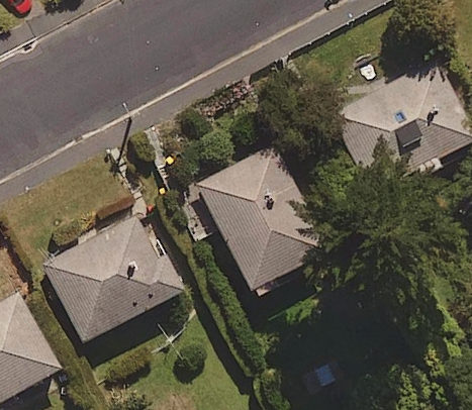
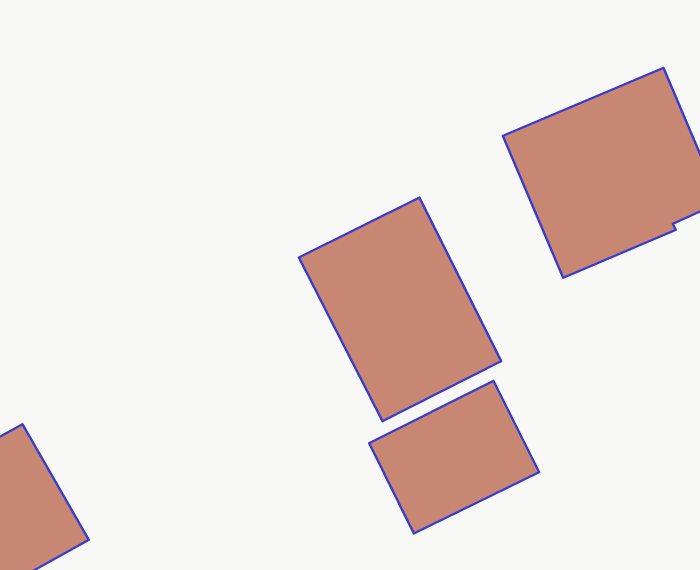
building: [42,214,179,342] -> none
building: none -> [369,381,539,533]

